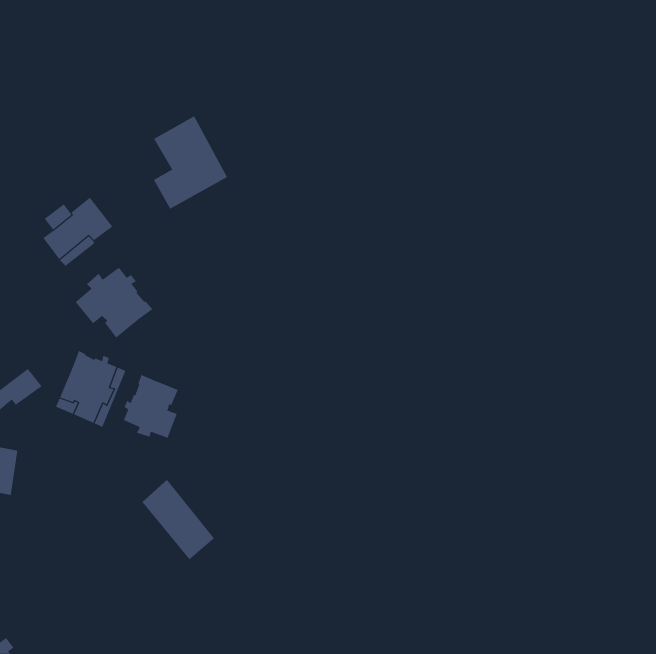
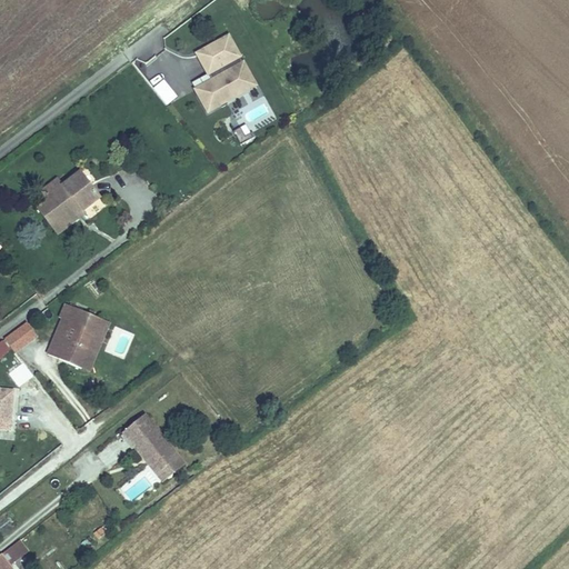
building: [153,116,228,210] -> [192,32,257,113]
building: [75,267,153,338] -> none
building: [123,374,179,438] -> none

